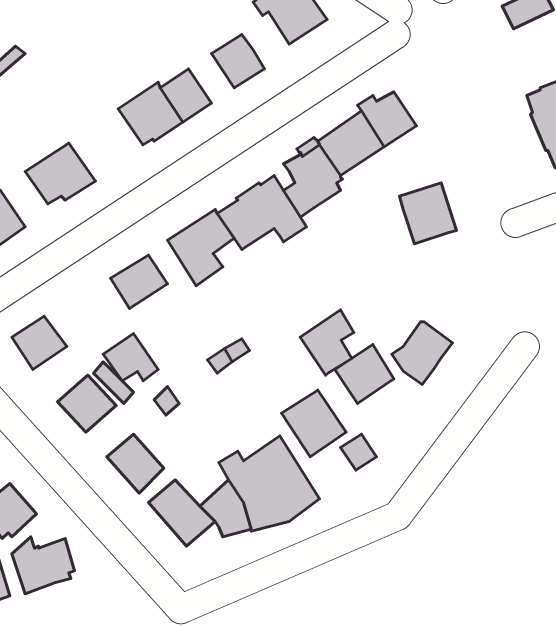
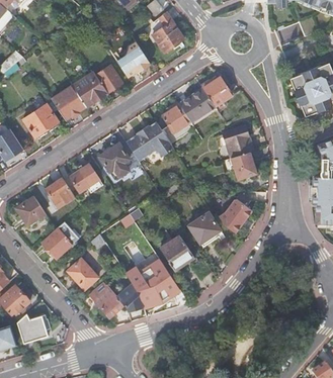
building: none -> [52,84,86,119]
building: none -> [230,151,257,178]
building: [300,310,354,375] -> none
building: [103,333,158,381] -> [46,177,75,202]

